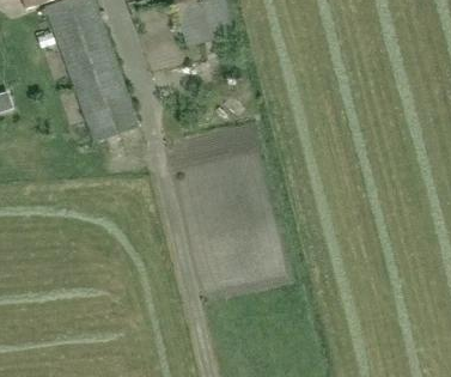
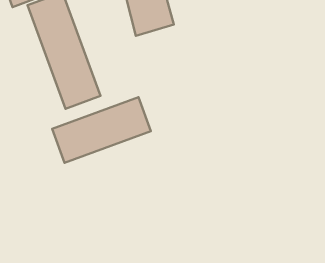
building: none -> [52,97,151,163]

